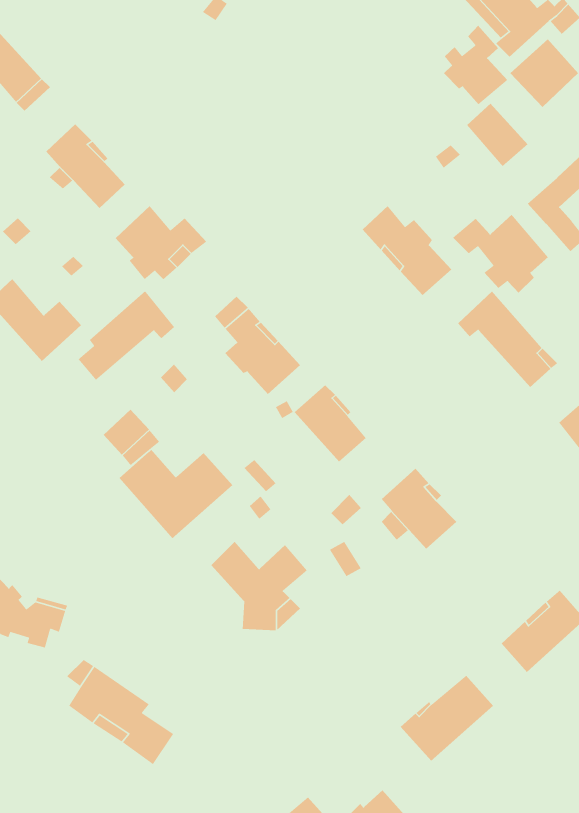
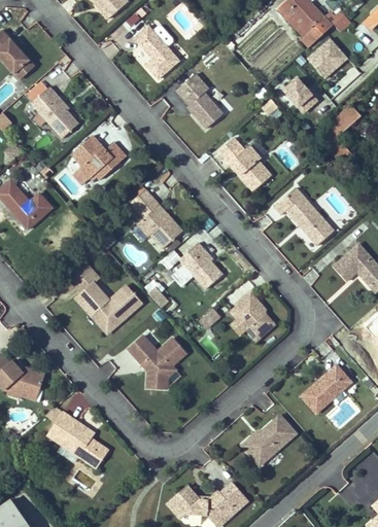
building: none -> [135,25,179,78]
building: [443,25,508,105] -> none
building: none -> [177,73,224,127]
building: [452,214,549,294] -> none
building: [78,290,175,381] -> none

